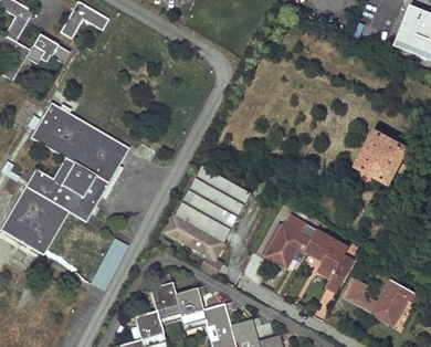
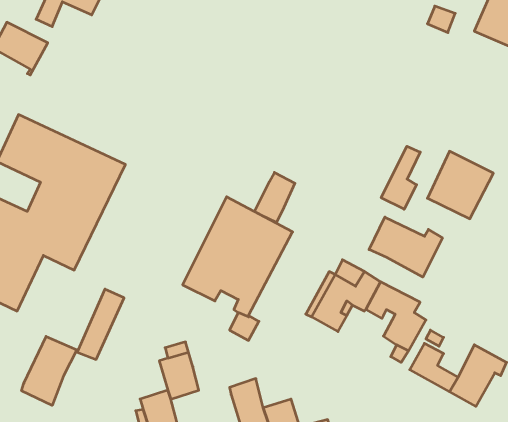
building: none -> [381,146,420,209]
building: none -> [255,172,295,222]
building: none -> [369,217,442,277]
building: none -> [22,336,77,405]
building: [177,290,206,322] -> none

